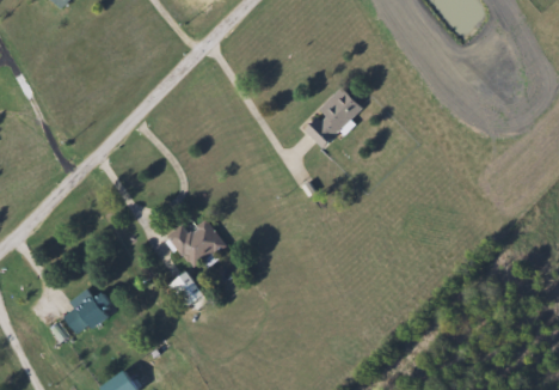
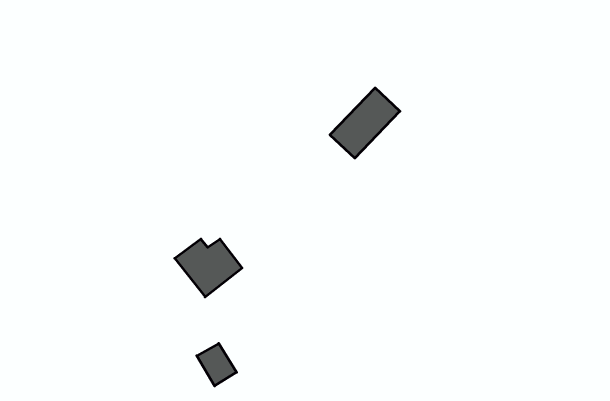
building: [167,270,202,307] -> [197,343,237,386]
building: [62,297,104,335] -> none

